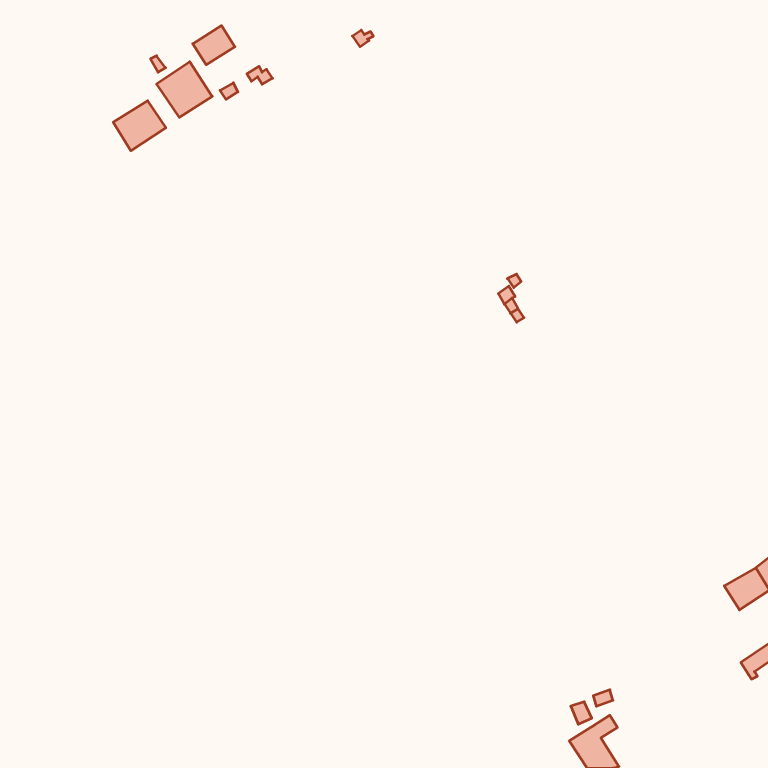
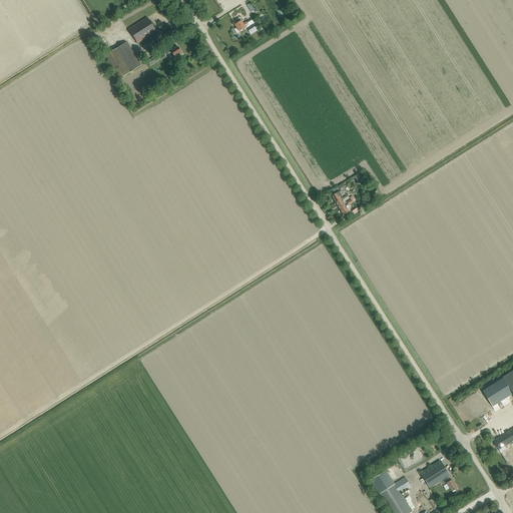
building: [113,101,166,151] -> none
building: none -> [421,460,458,491]

